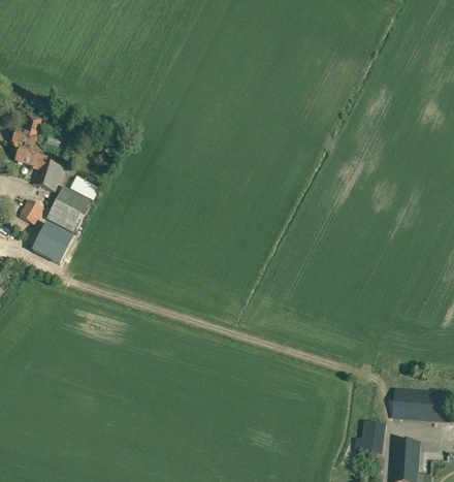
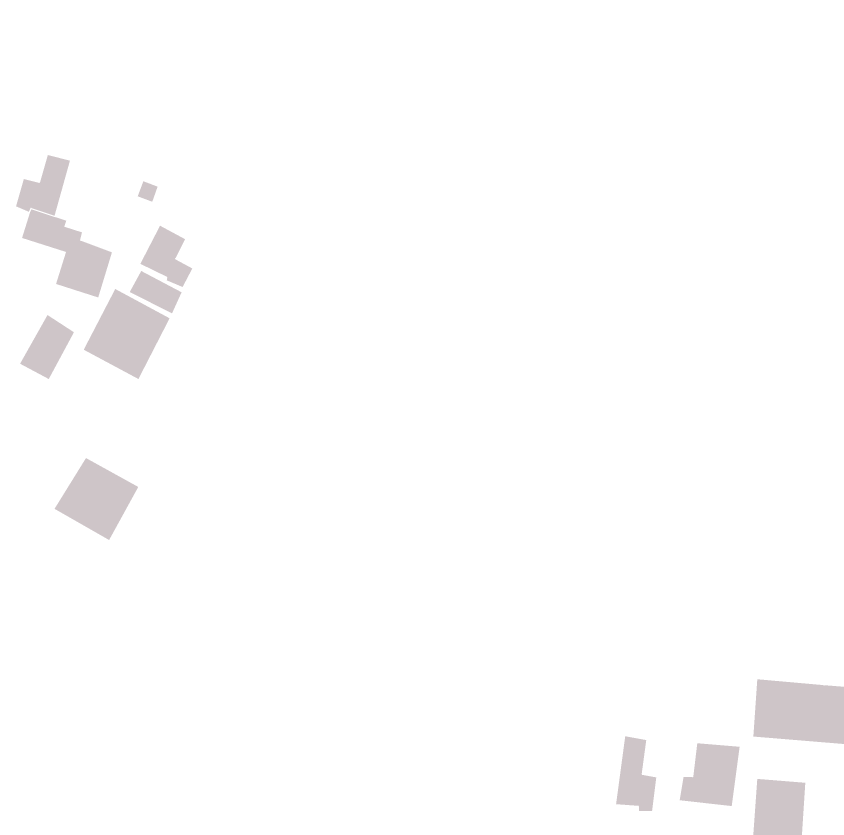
building: none -> [139,225,193,288]
building: [29,224,73,267] -> [54,457,139,541]
building: none -> [616,736,657,812]

